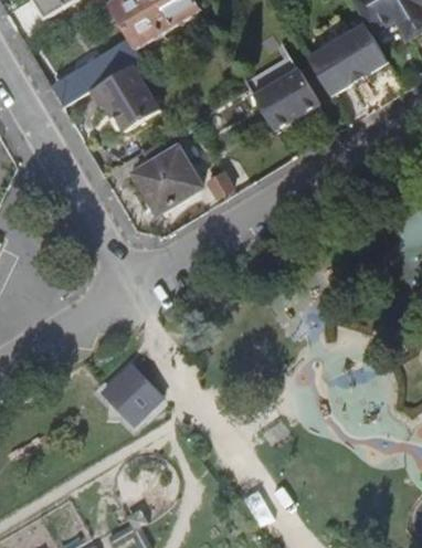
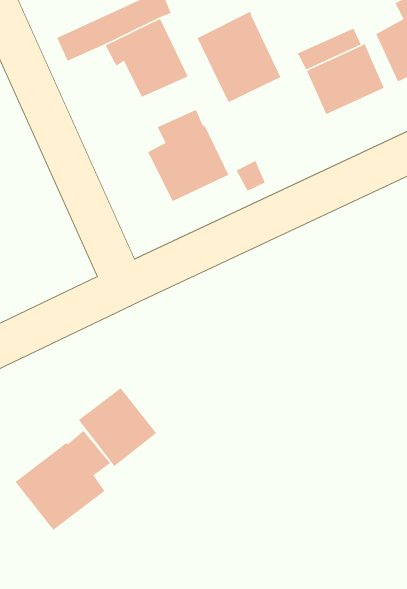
building: none -> [197,11,281,103]
building: none -> [15,430,111,531]

